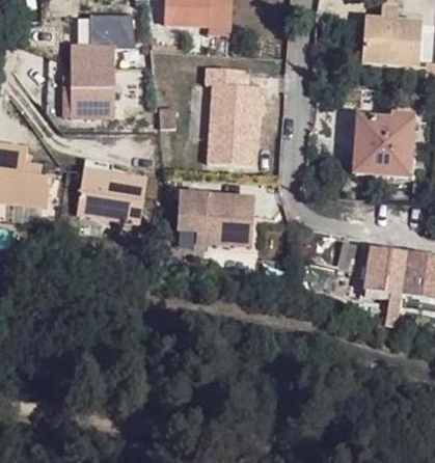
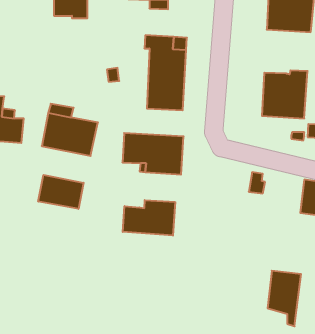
building: [70,44,112,113] -> none
building: none -> [38,175,84,209]
building: [365,248,408,319] -> [268,271,301,326]
building: none -> [123,200,175,236]

